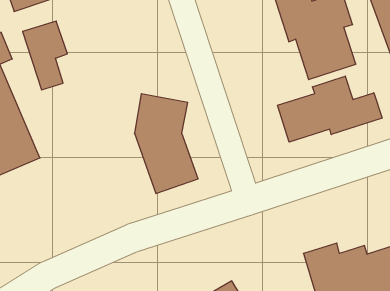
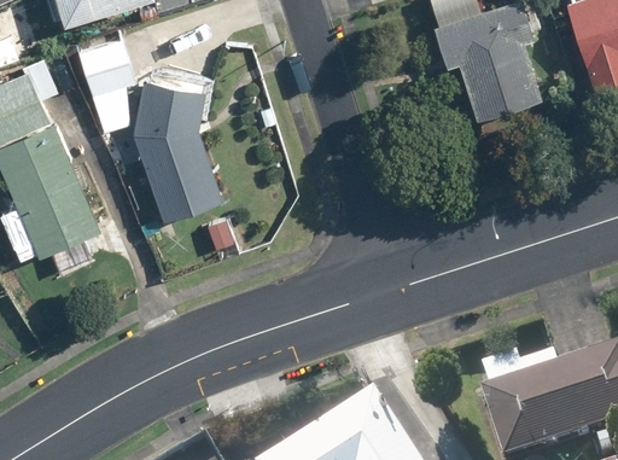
building: [278,76,382,142] -> none
building: [134,94,198,194] -> [134,78,223,219]

